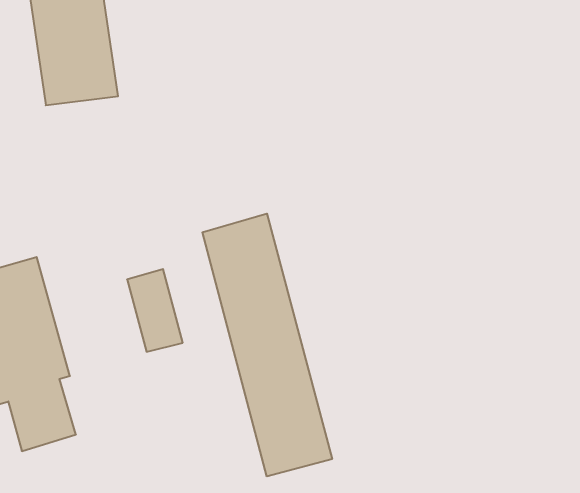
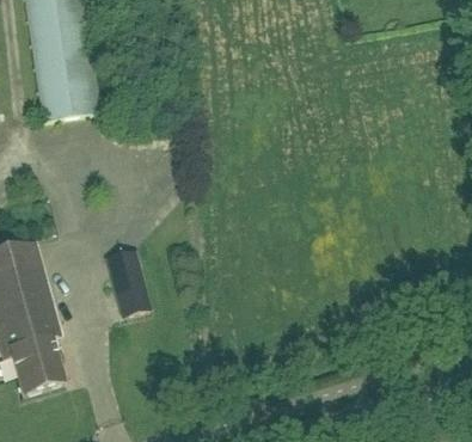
building: [202,214,332,476] -> none

